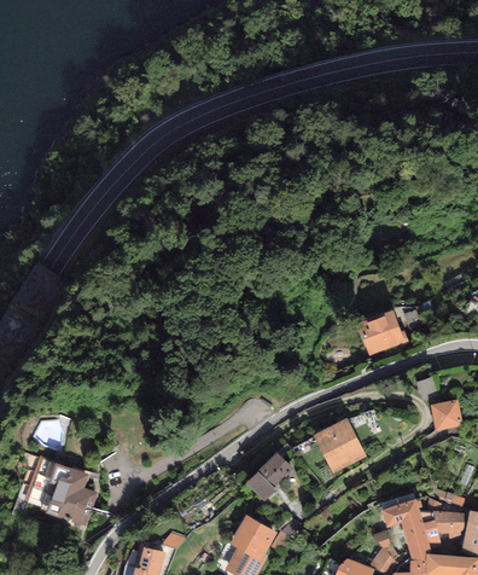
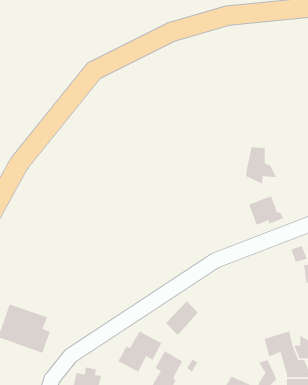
building: none -> [245,146,277,184]
building: [316,420,366,472] -> none
building: none -> [117,331,163,373]

